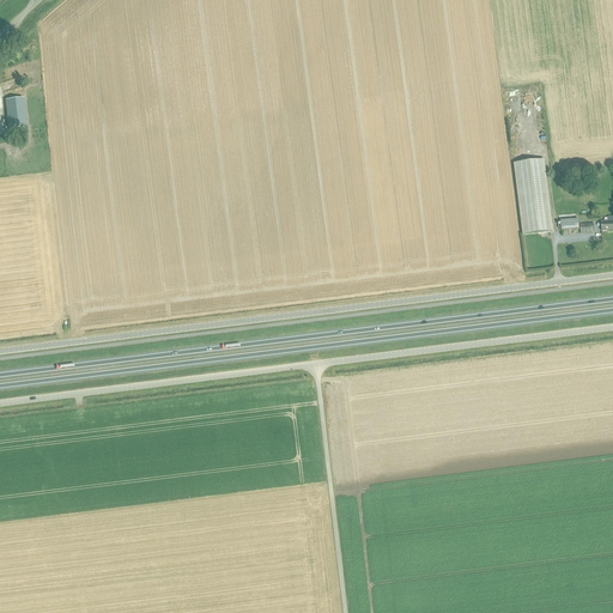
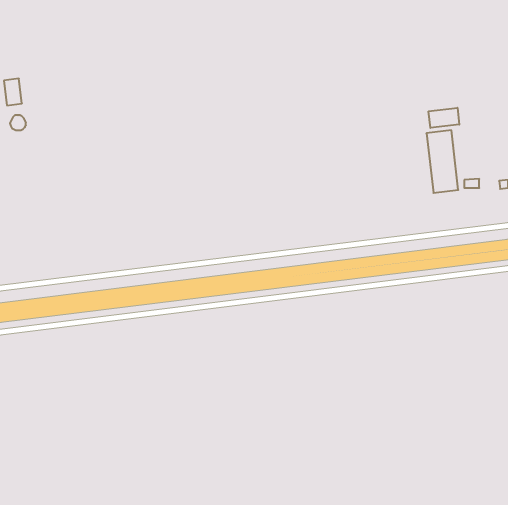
building: none -> [429,108,459,128]

